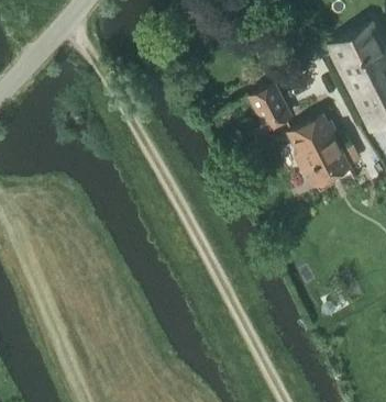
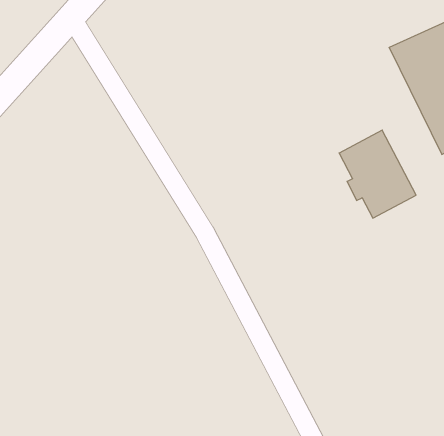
building: [249,82,291,130] -> none

